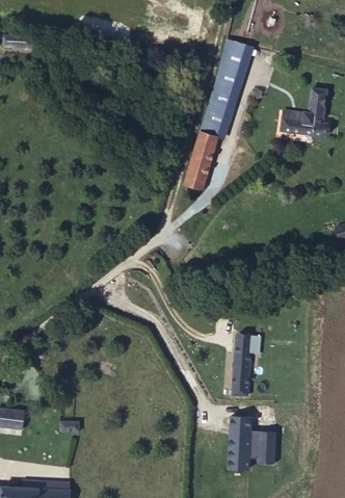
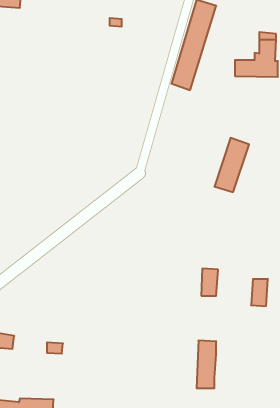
building: [182,133,220,193] -> [214,138,249,192]
building: [231,369,249,399] -> [251,279,268,306]
building: [247,435,278,461] -> none

